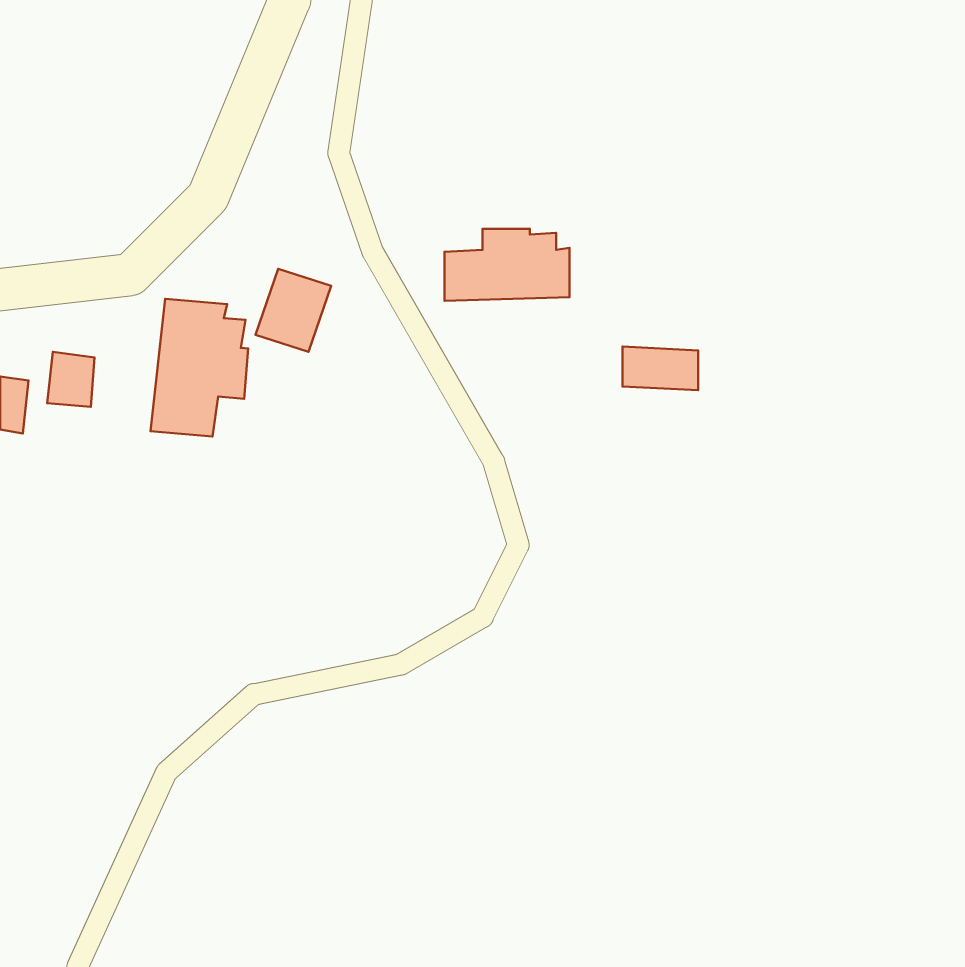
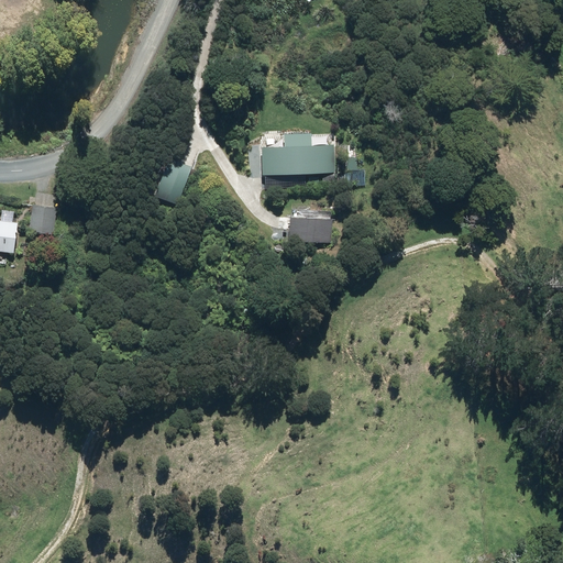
building: [151,299,248,436] -> none
building: [622,347,698,390] -> [286,217,330,242]

